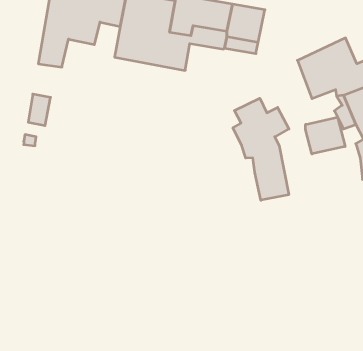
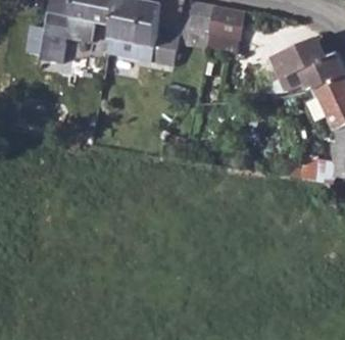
building: [233,98,289,200] -> none
building: [306,117,345,154] -> none

